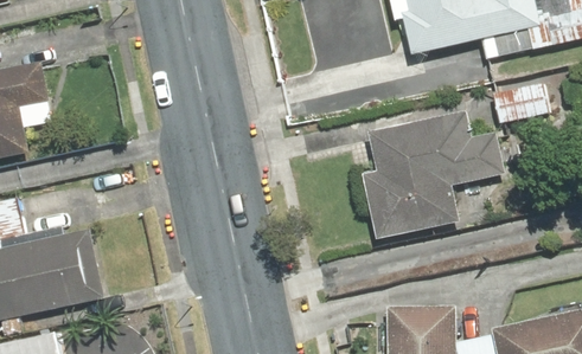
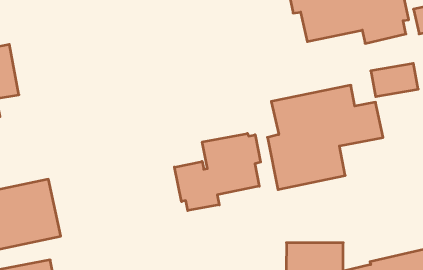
building: none -> [174,133,261,211]

